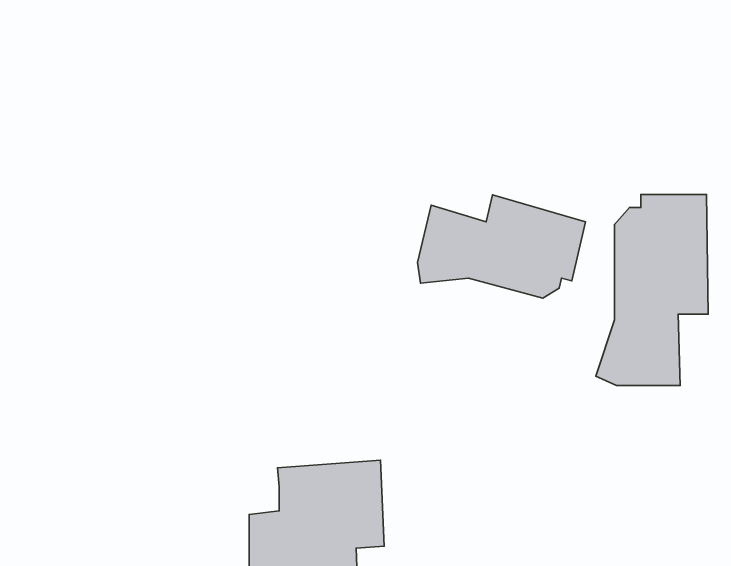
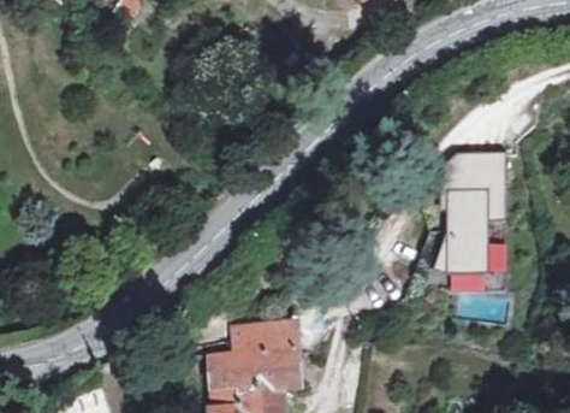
building: [418,195,586,298] -> none

